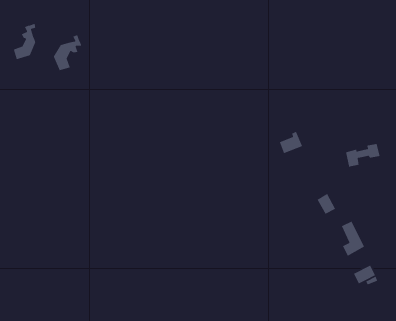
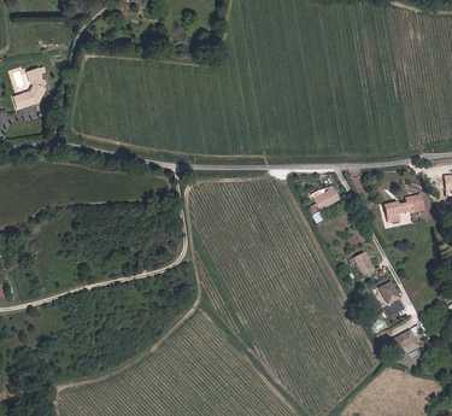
building: [53,34,82,71] -> none

